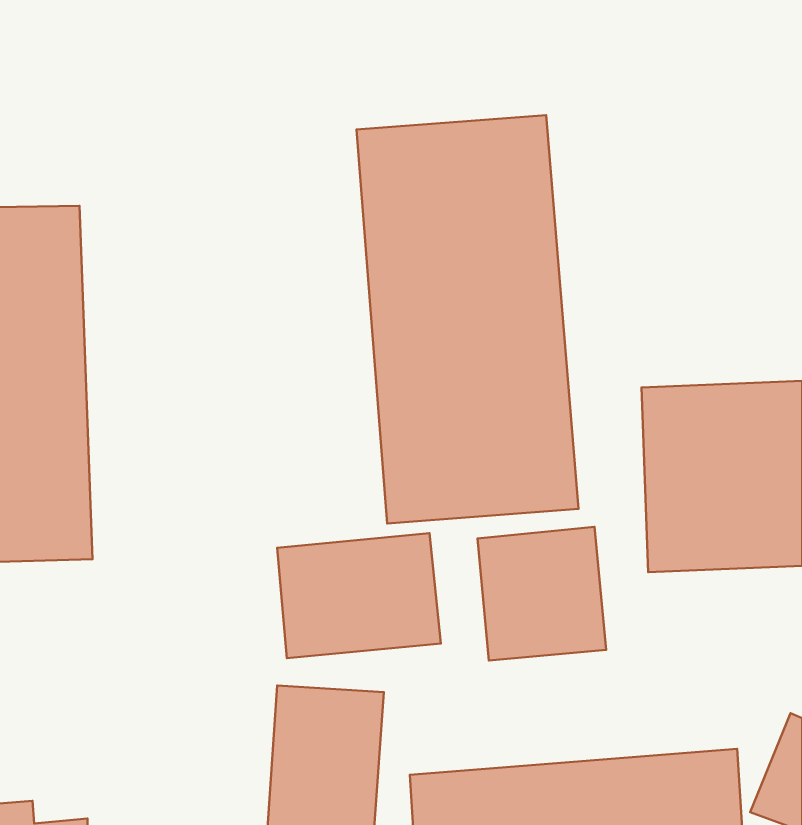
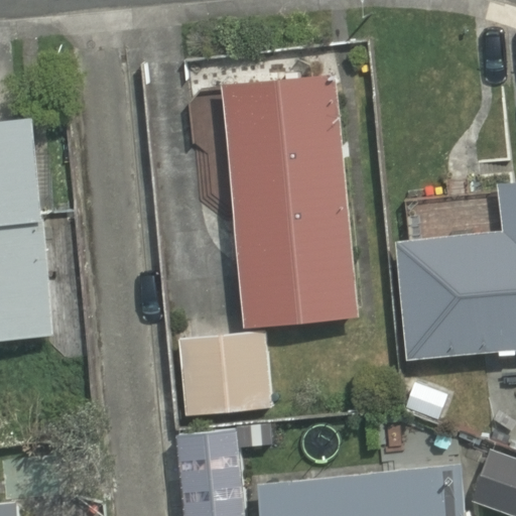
building: [477,527,606,660] -> none

